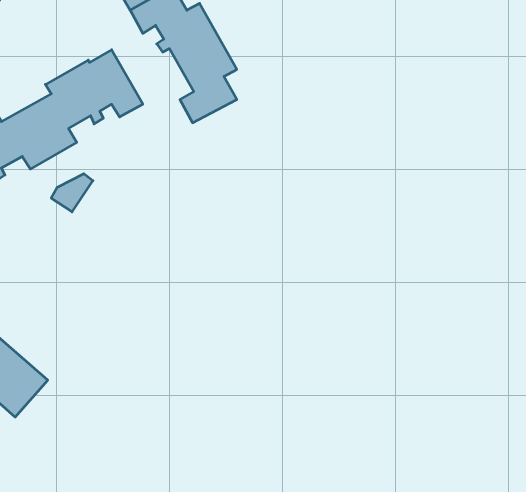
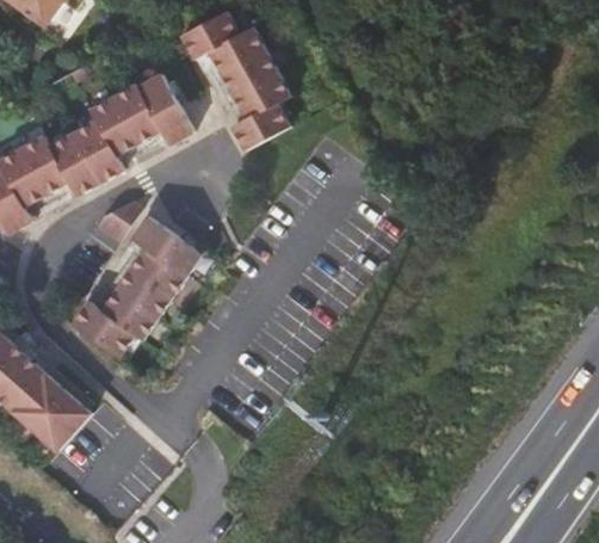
building: none -> [73,215,202,356]

